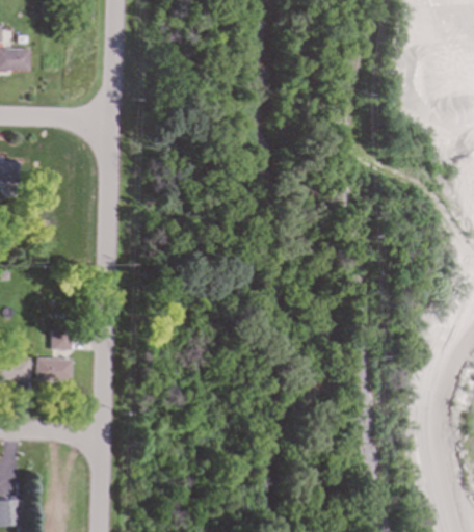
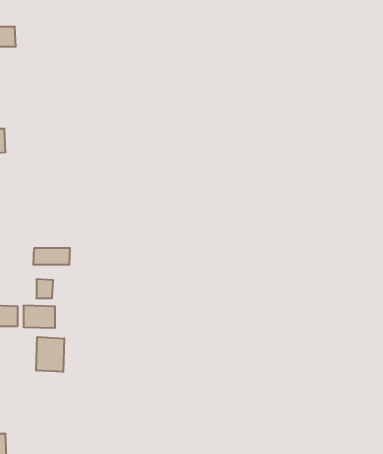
building: none -> [34,248,70,265]
building: none -> [36,337,64,372]

